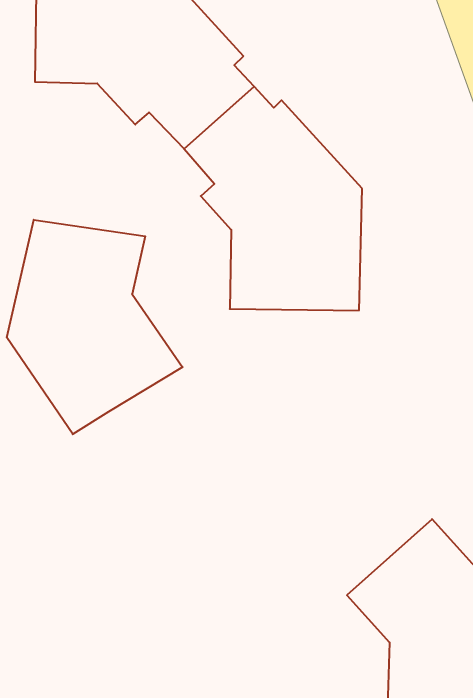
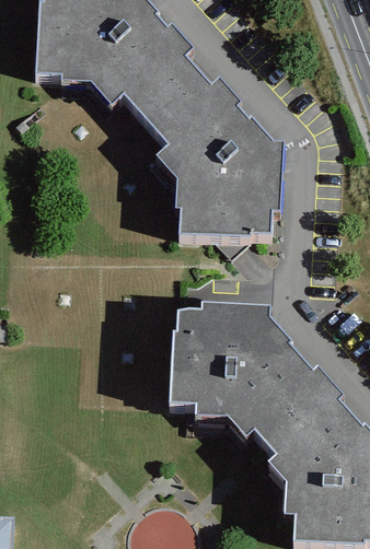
building: [7,220,183,434] -> none
building: none -> [174,314,325,440]

